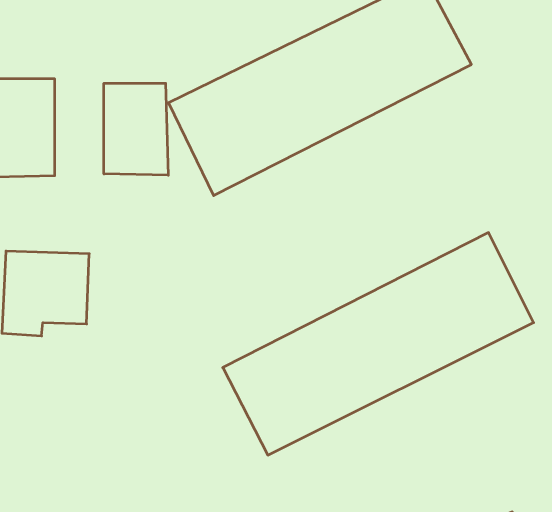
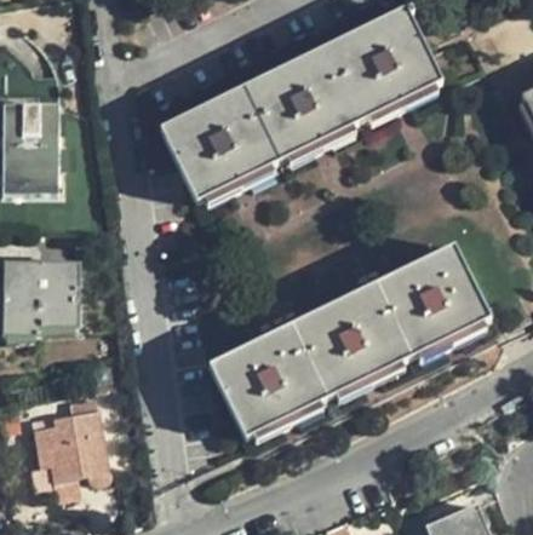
building: [104,83,168,175] -> none
building: none -> [33,405,111,494]

